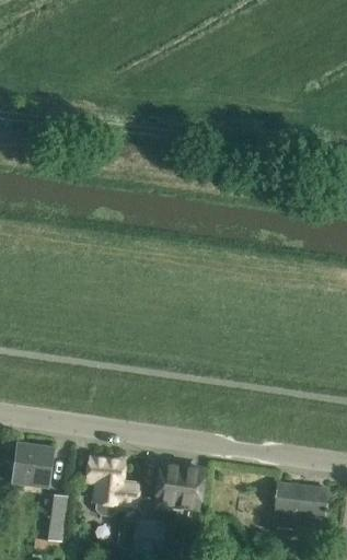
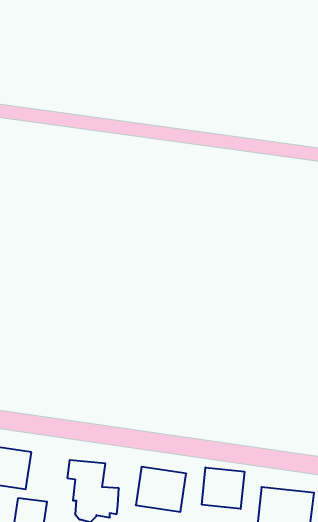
building: none -> [202,467,244,509]

